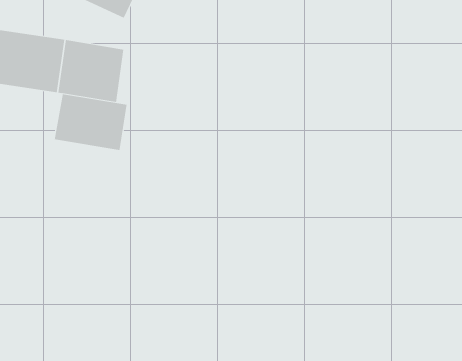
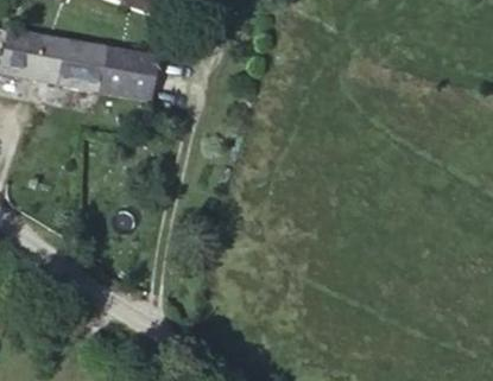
building: [54,94,127,151] -> none

